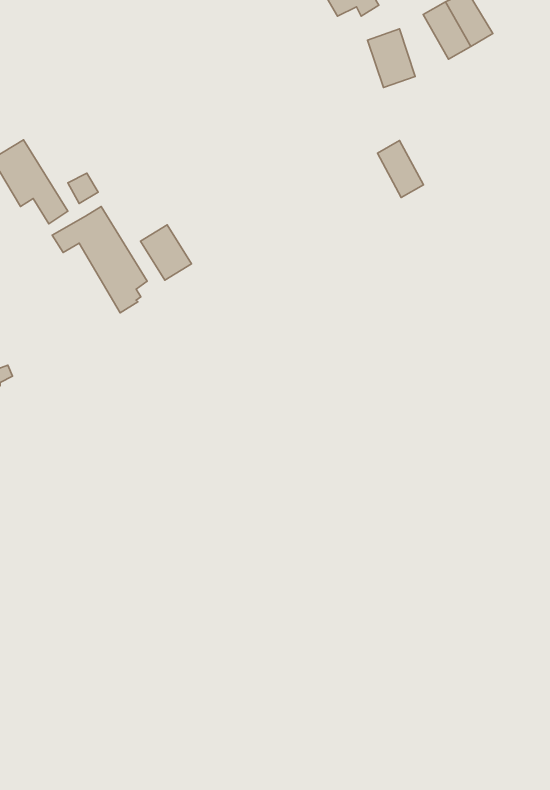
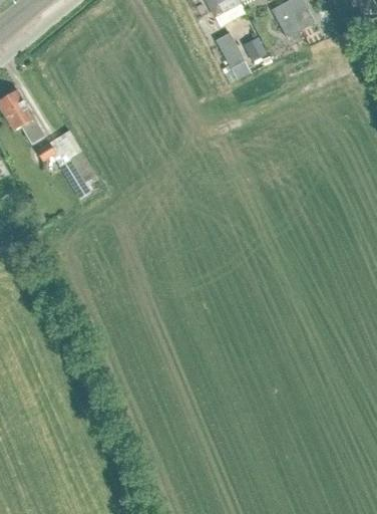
building: [377,140,423,197] -> [215,32,244,68]
building: [141,225,192,280] -> none

